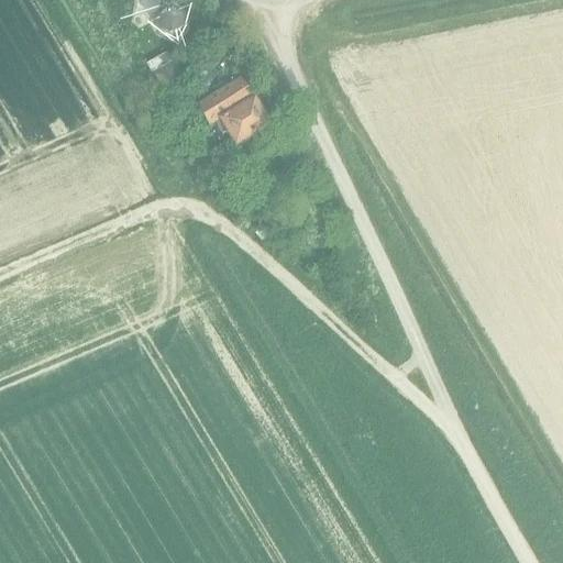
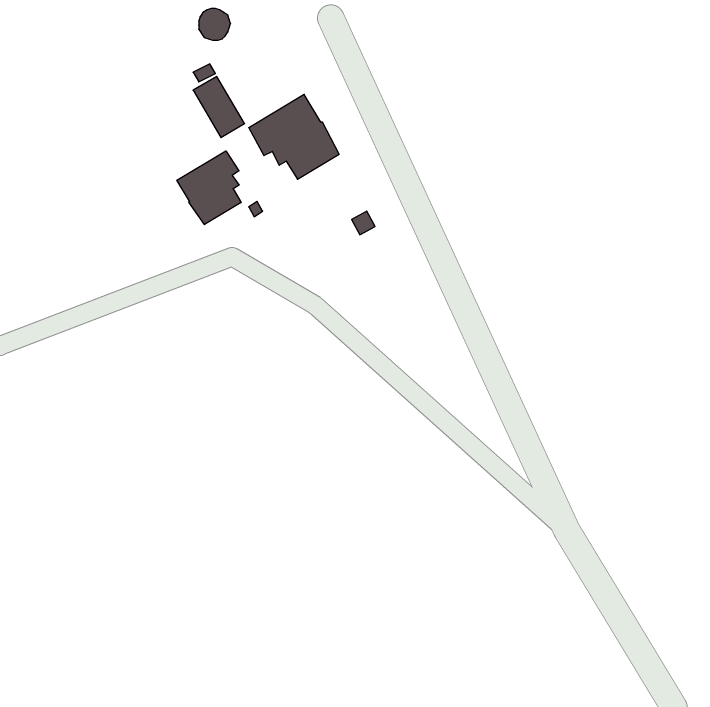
building: none -> [177,151,241,225]

